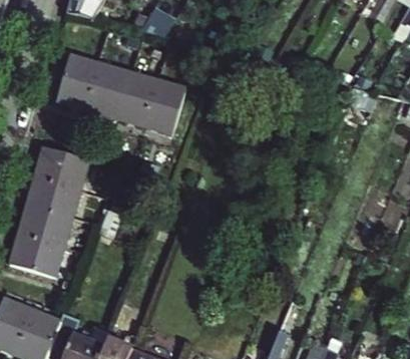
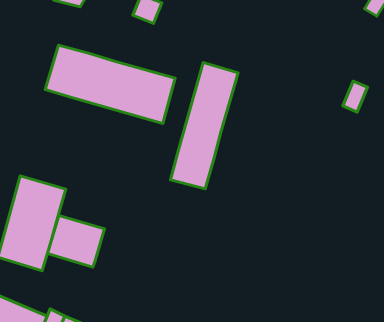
building: none -> [171,62,238,189]
building: [35,145,90,196] -> [48,215,104,267]

